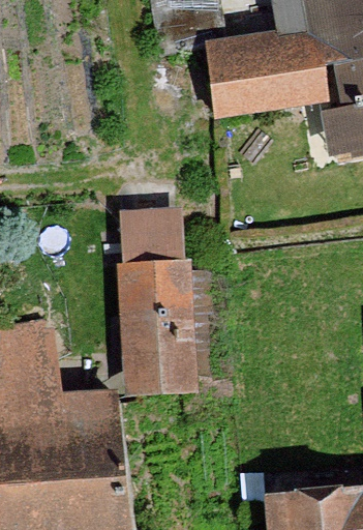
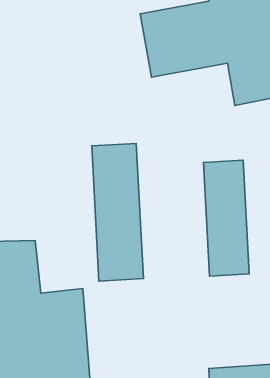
building: none -> [203,160,249,276]

